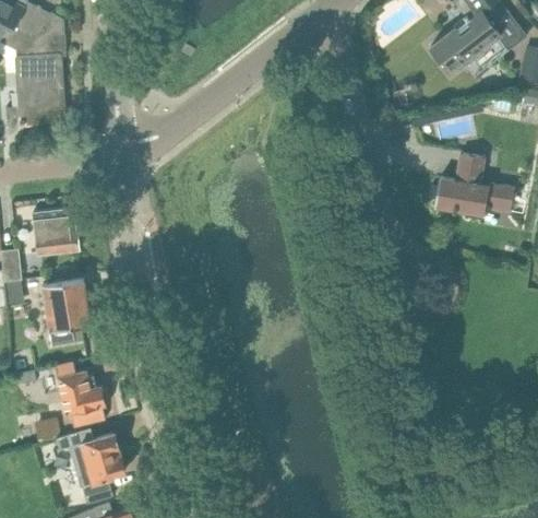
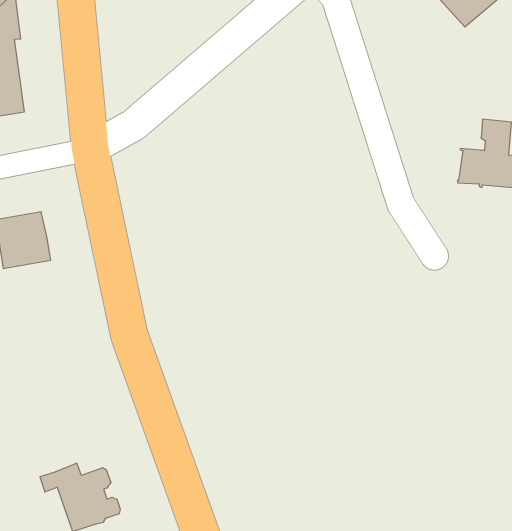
building: [41,280,95,346] -> none
building: [53,363,106,416] -> none

